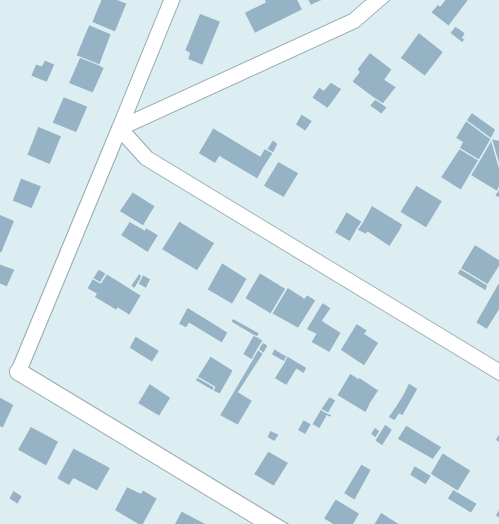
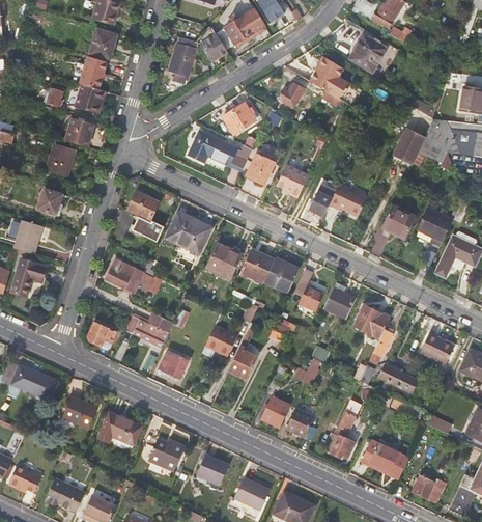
building: none -> [200,35,229,64]
building: none -> [223,103,255,134]
building: none -> [276,164,308,198]
building: [400,185,443,228] -> [380,204,416,240]
building: [178,307,228,343] -> [125,315,168,342]
building: none -> [87,323,116,349]
building: [337,373,379,413] -> [355,305,390,337]
building: [430,453,471,491] -> [420,334,454,365]
building: none -> [286,409,314,438]

